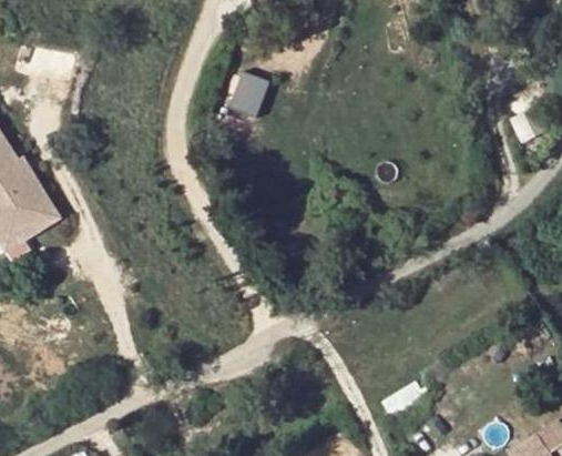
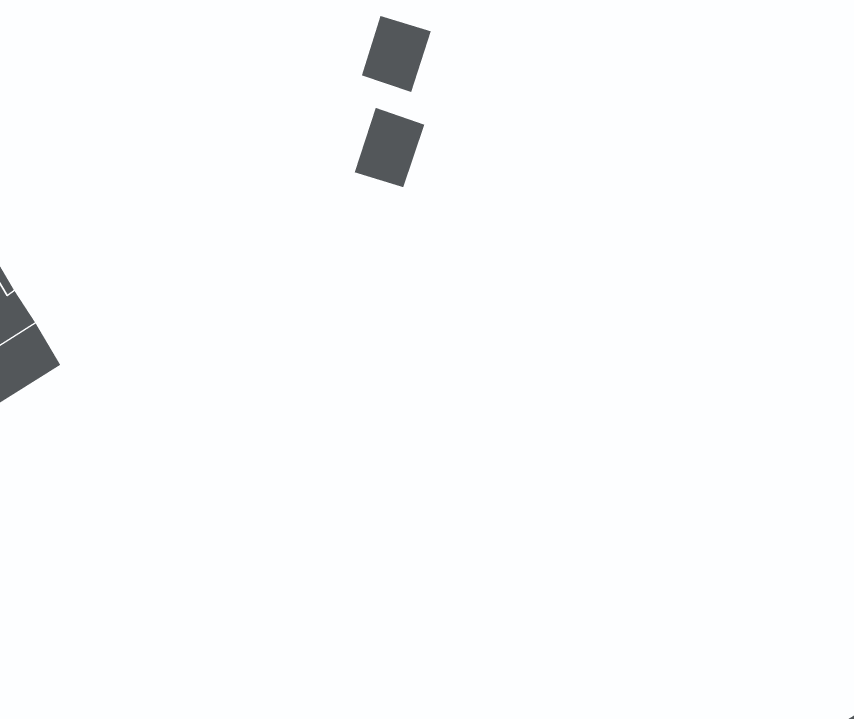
building: none -> [361,15,431,93]

